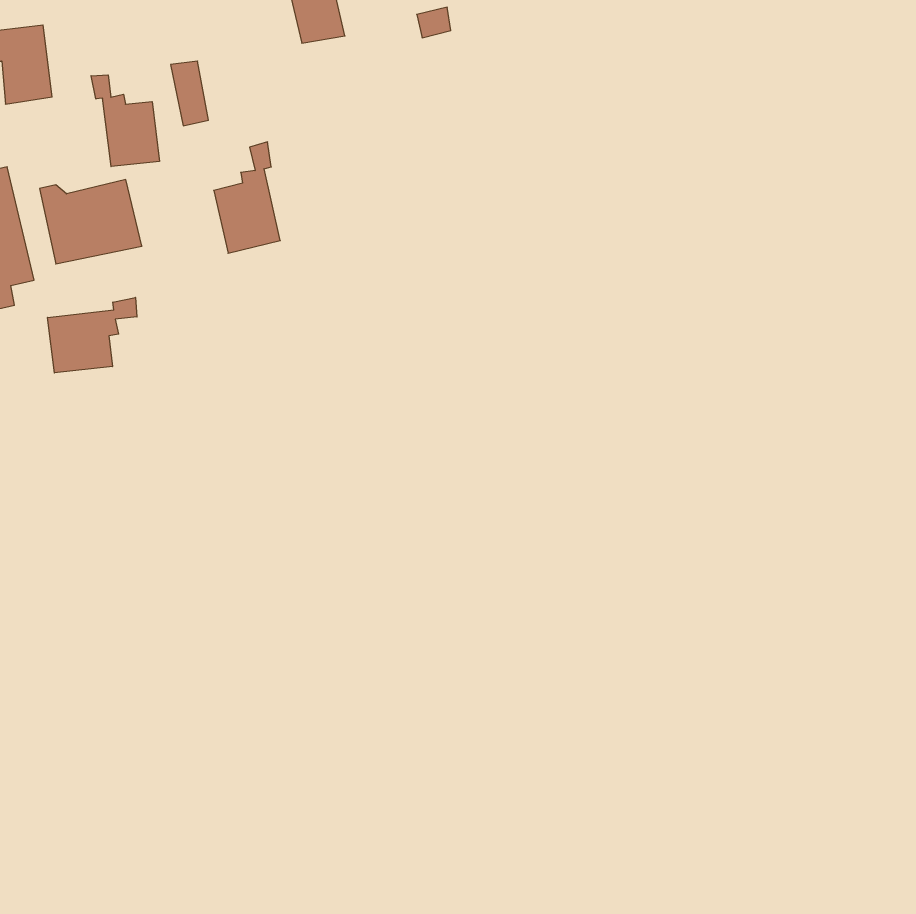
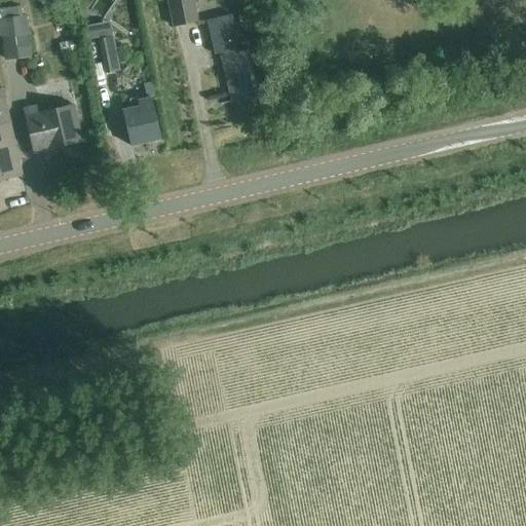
building: none -> [205,12,262,100]
building: [91,75,159,167] -> none
building: [48,297,137,373] -> none

